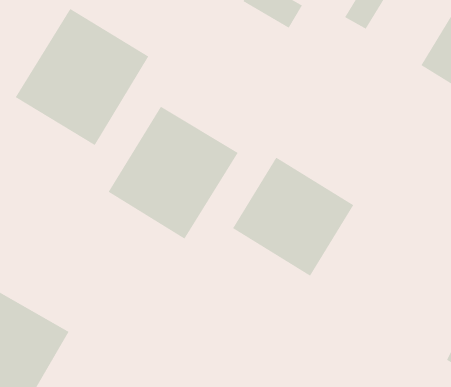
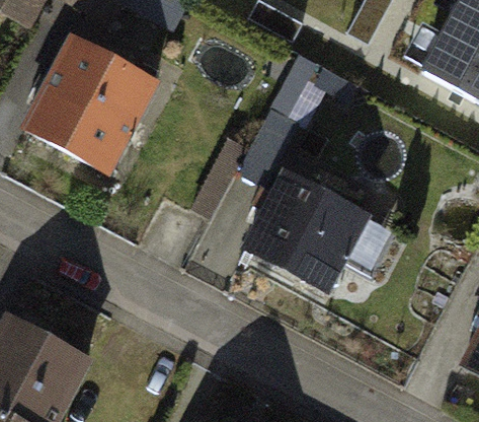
building: [108,106,238,239] -> none

